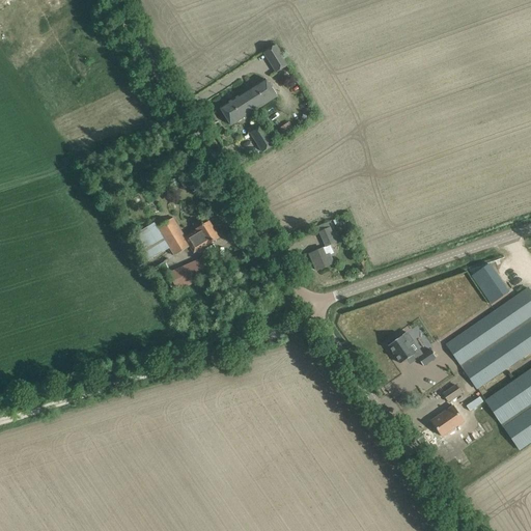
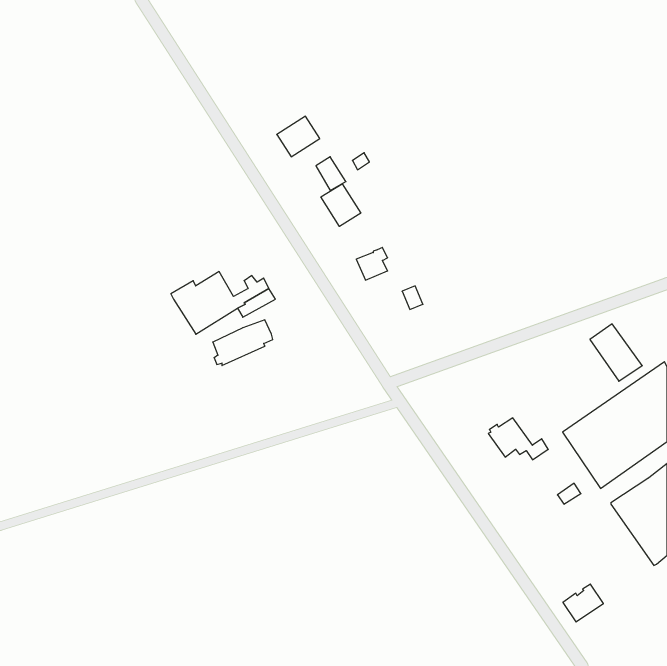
building: [262,44,288,73] -> none
building: [243,78,277,110] -> none
building: none -> [321,184,361,226]
building: [309,244,334,270] -> [356,247,388,280]
building: [431,406,464,436] -> [563,584,603,622]

